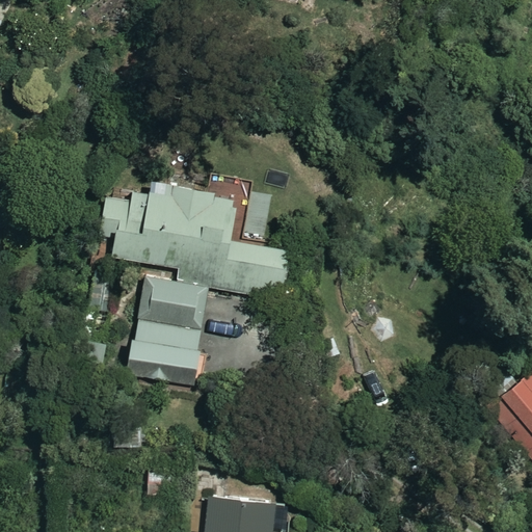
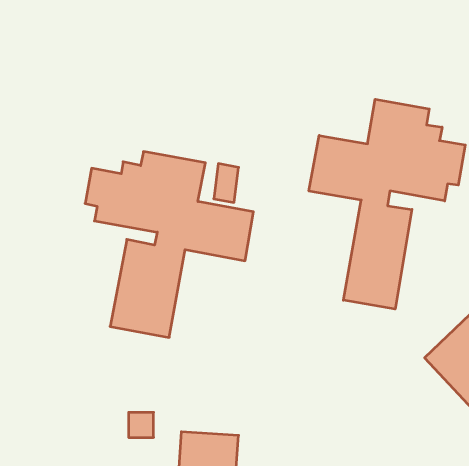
building: none -> [309,99,465,309]

